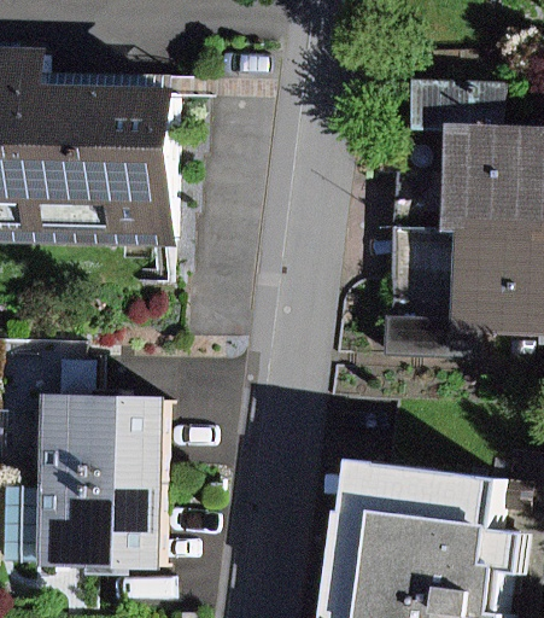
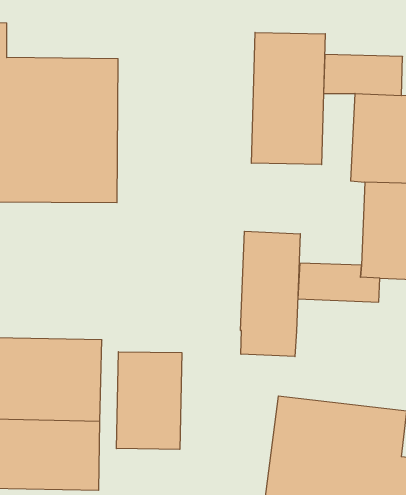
building: none -> [251,32,325,165]
building: none -> [241,231,300,357]
building: none -> [116,352,182,449]

